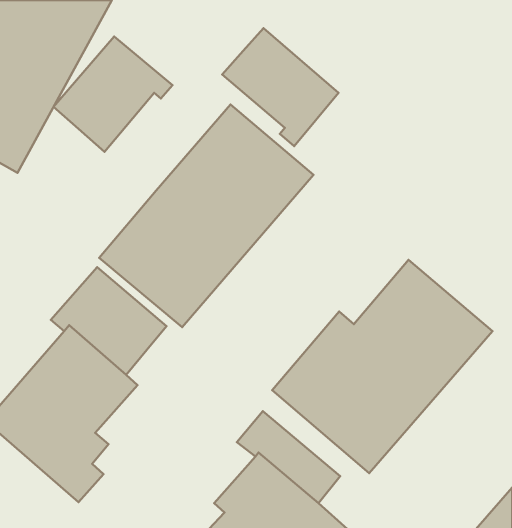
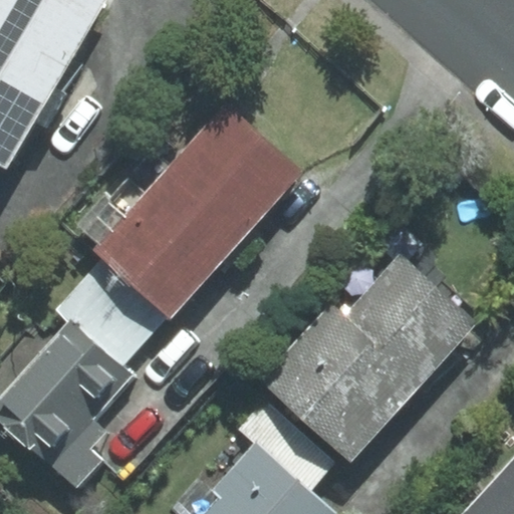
building: [222,28,338,146] -> none
building: [54,36,172,152] -> none

